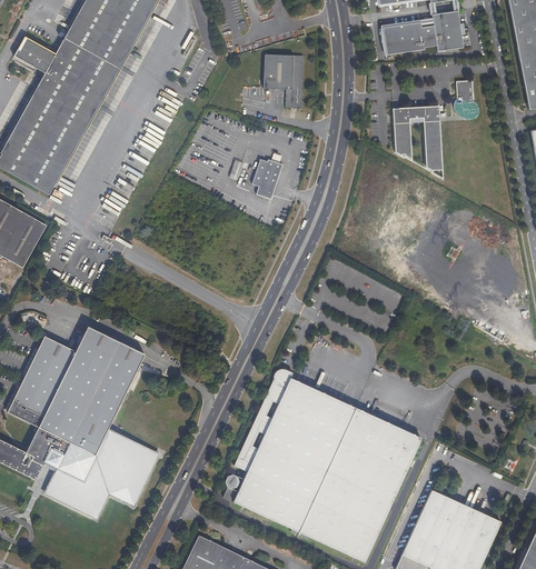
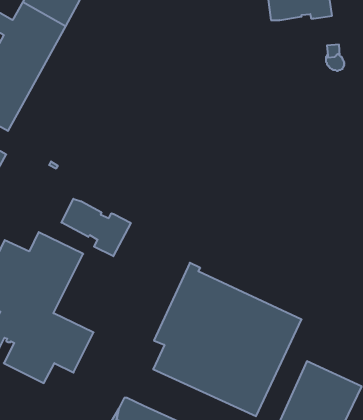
building: [262,56,304,110] -> none
building: [393,106,440,168] -> none
building: [251,159,282,200] -> none
building: none -> [61,199,131,256]

